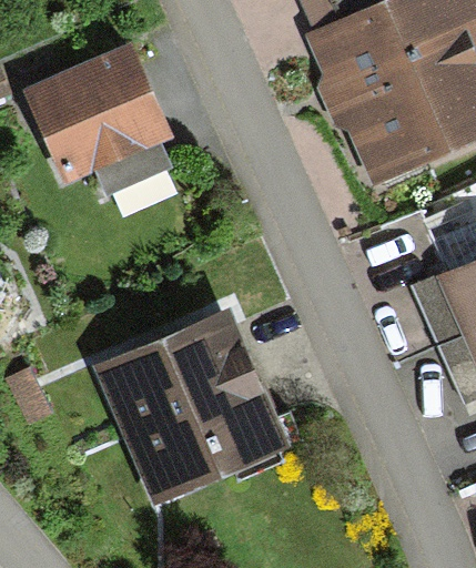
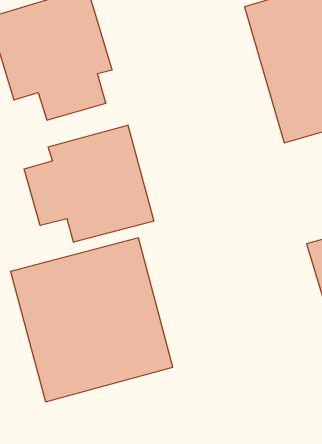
building: none -> [24,125,154,242]

